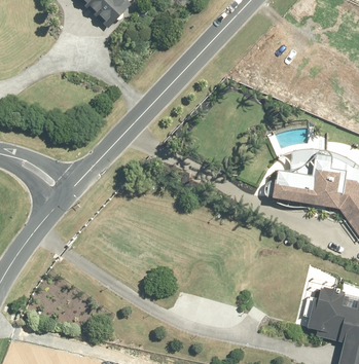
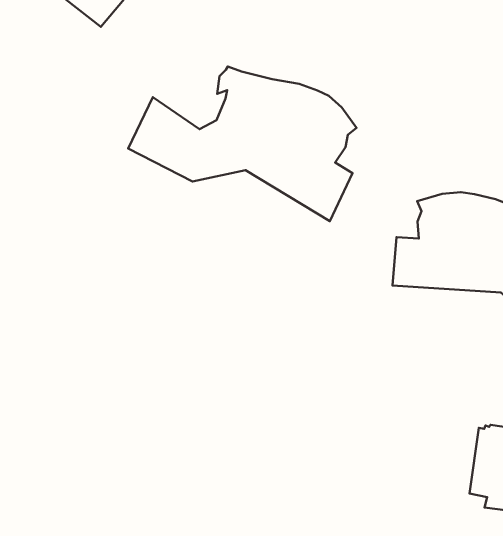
building: none -> [128,67,356,221]

